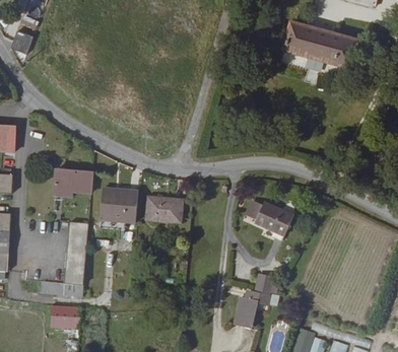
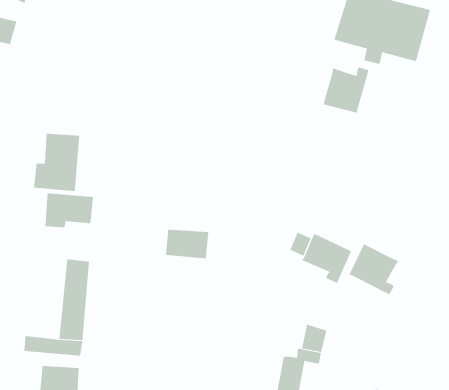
building: none -> [323,67,369,114]
building: none -> [34,133,80,192]
building: [100,187,138,222] -> none
building: none -> [349,244,399,295]

